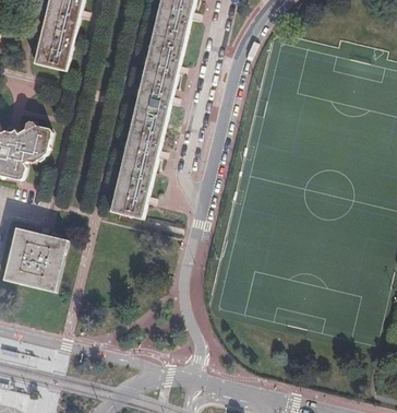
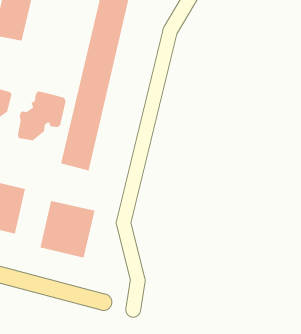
building: none -> [17,90,66,141]
building: none -> [39,200,96,259]

